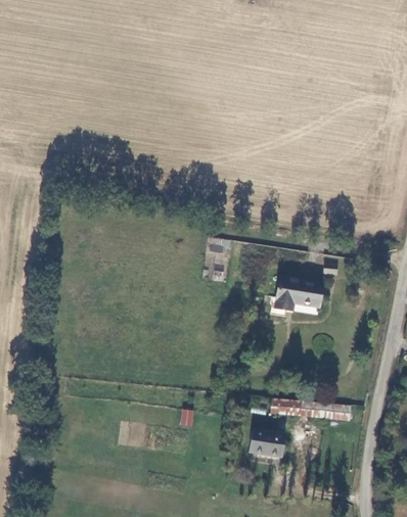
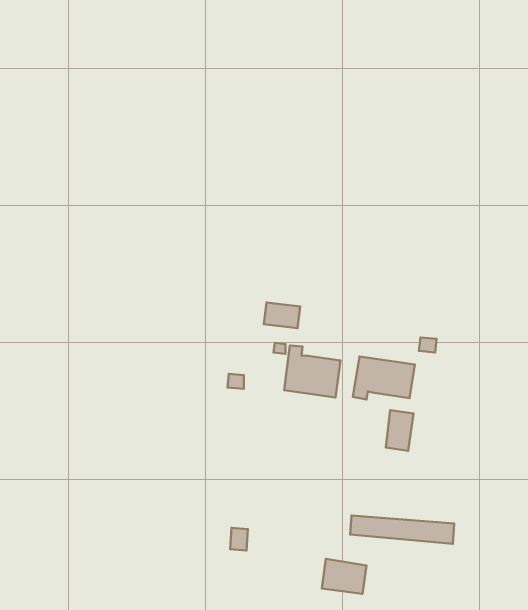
building: none -> [284,345,340,398]
building: none -> [386,410,414,451]

